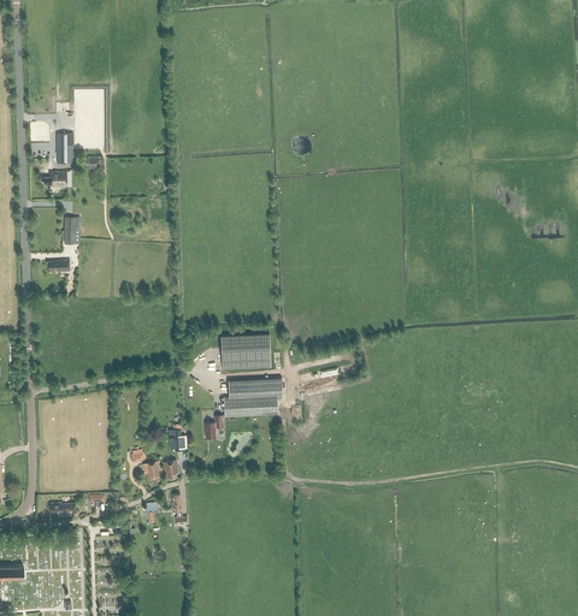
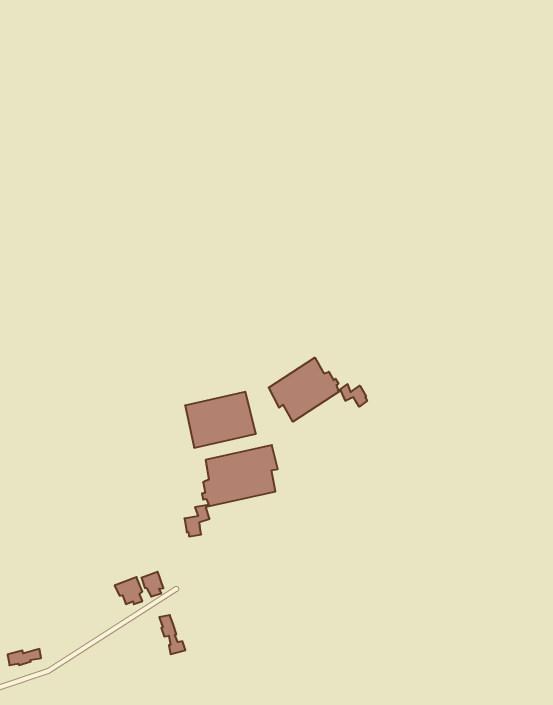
building: none -> [269,358,367,422]

